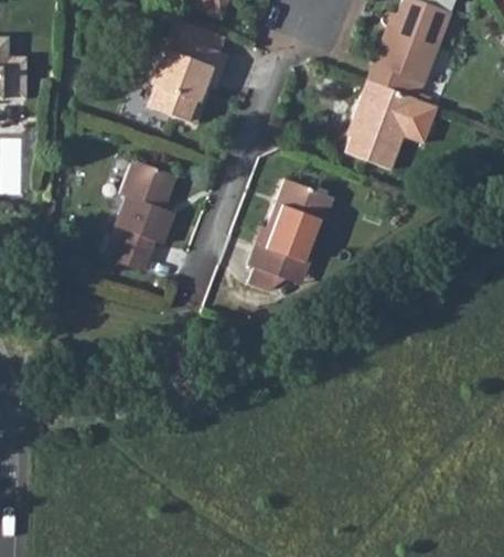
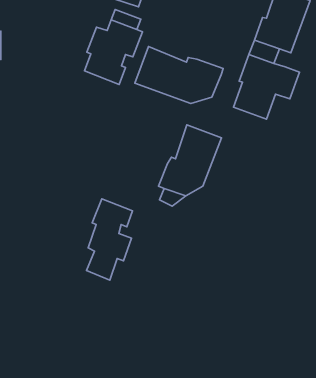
building: none -> [135,46,223,104]
building: [110,154,173,266] -> [87,199,132,280]

